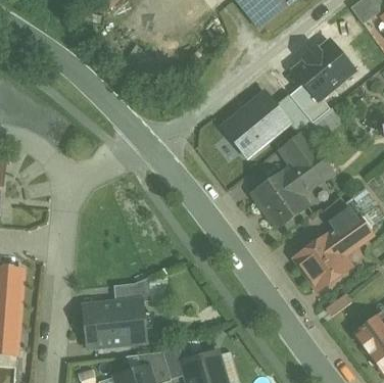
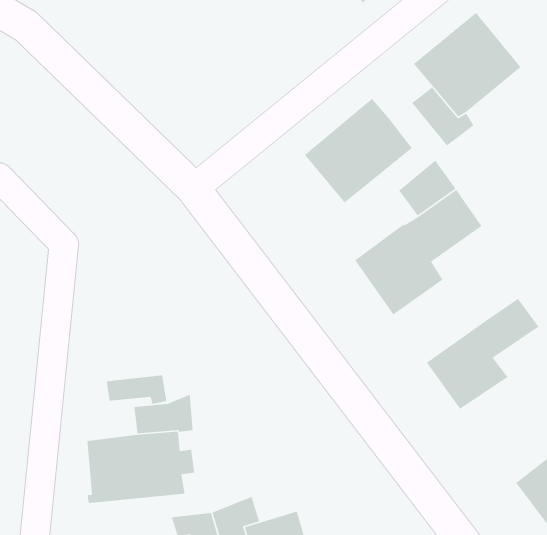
building: [274,93,309,132] -> none
building: [322,196,354,229] -> none
building: none -> [106,375,167,405]

